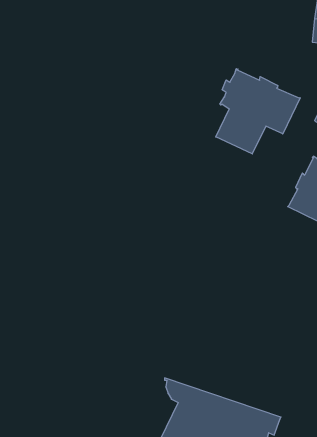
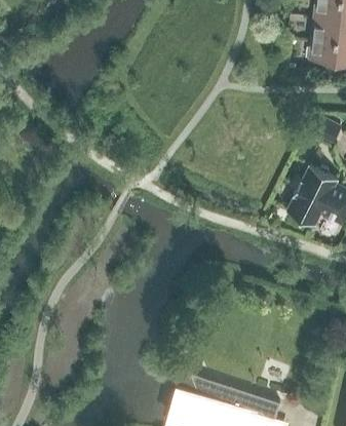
building: [216,69,300,154] -> none

